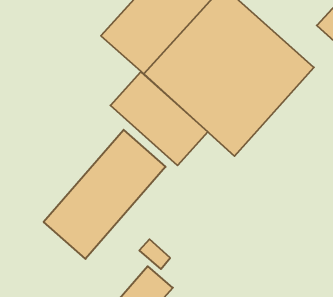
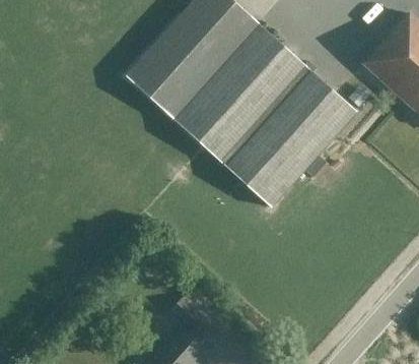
building: [110,72,208,165] -> none
building: [44,130,166,259] -> none

